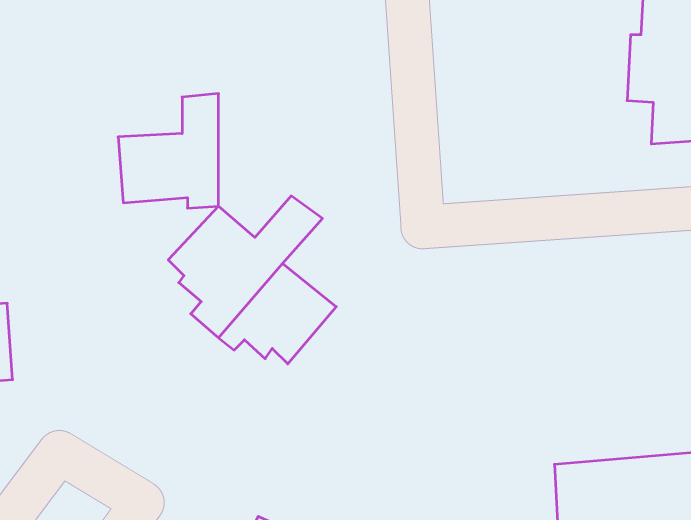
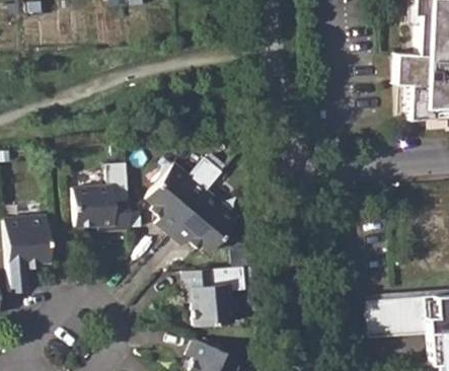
building: [118,94,219,208] -> [71,161,130,228]
building: none -> [183,266,249,324]

